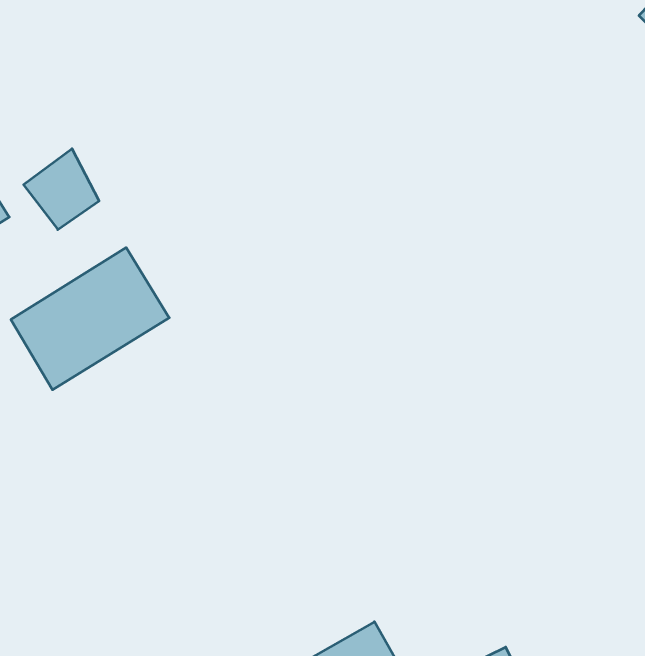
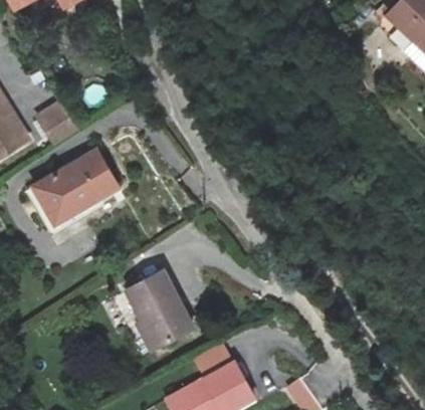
building: none -> [128,270,195,352]

